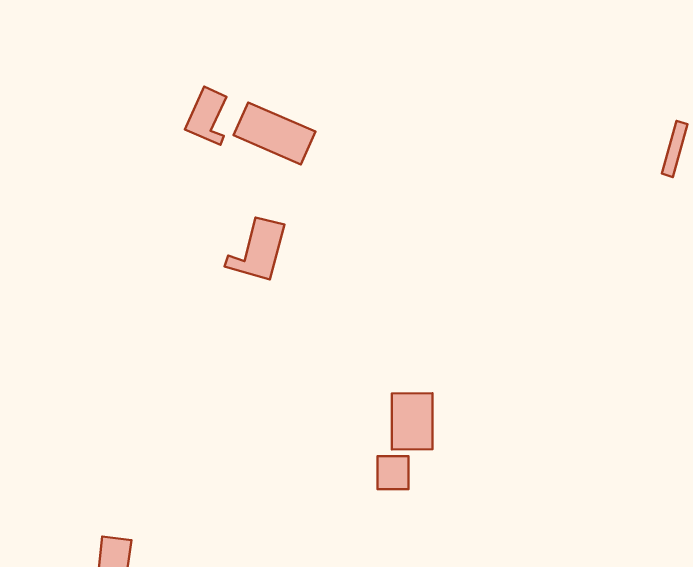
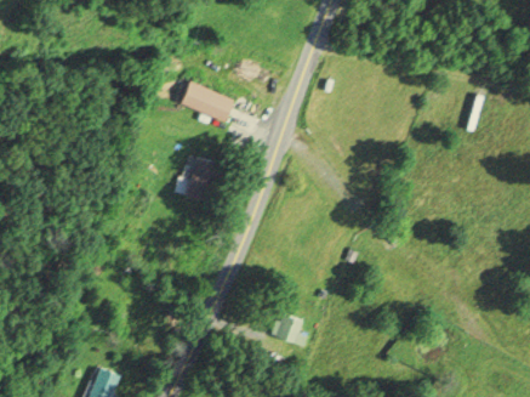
building: [185,86,226,145] -> none
building: [392,393,432,449] -> none

